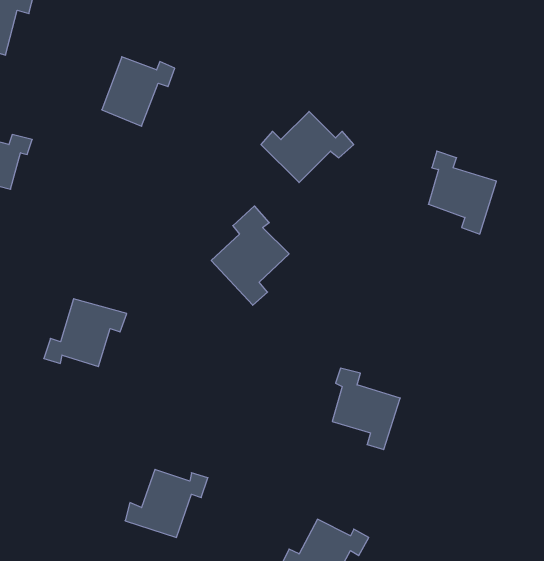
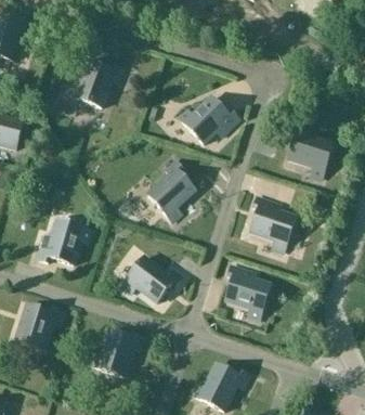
building: none -> [250,195,295,250]
building: none -> [121,256,182,301]
building: none -> [15,303,62,349]

